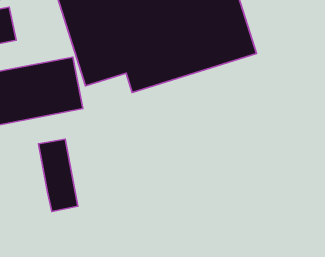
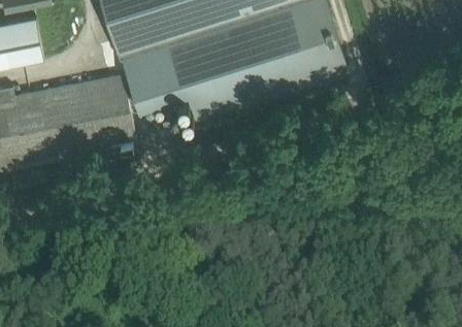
building: [39,139,78,212] -> none

